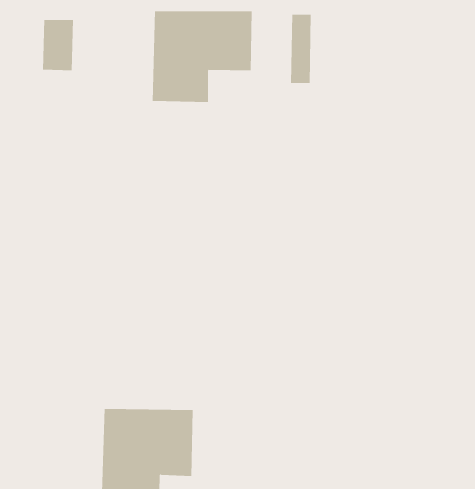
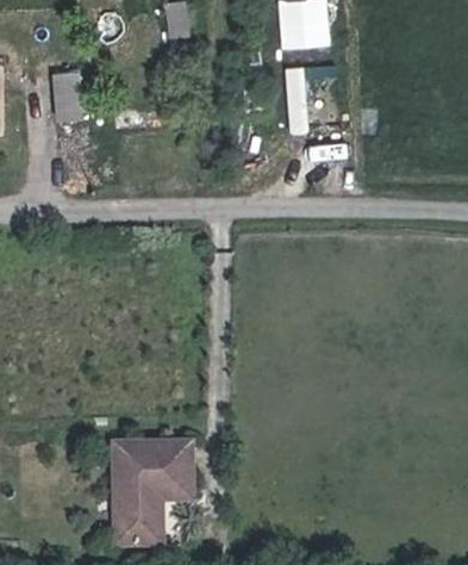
building: [152,10,252,103] -> none

